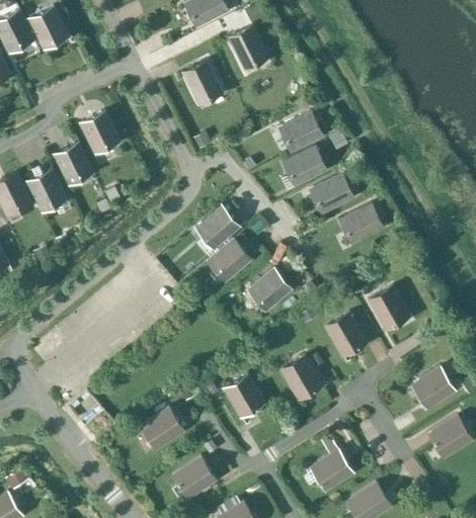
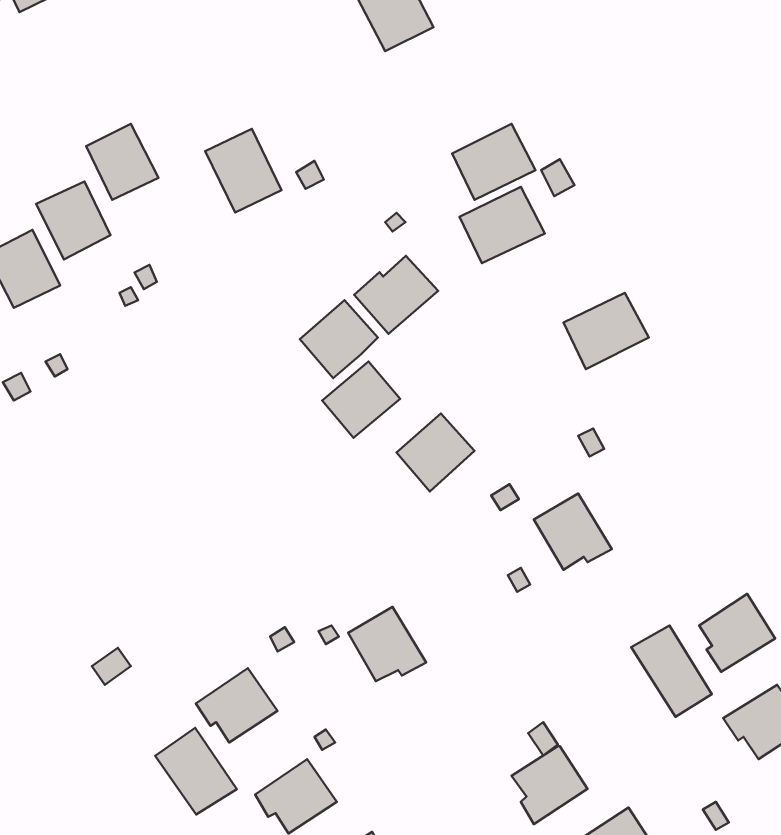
building: [181,61,223,106] -> [205,129,281,213]
building: [311,173,355,214] -> none
building: none -> [354,256,438,334]
building: [368,287,407,331] -> none
building: [280,356,322,398] -> none
building: none -> [631,626,712,717]
building: none -> [155,728,237,815]

